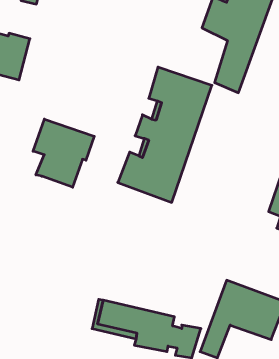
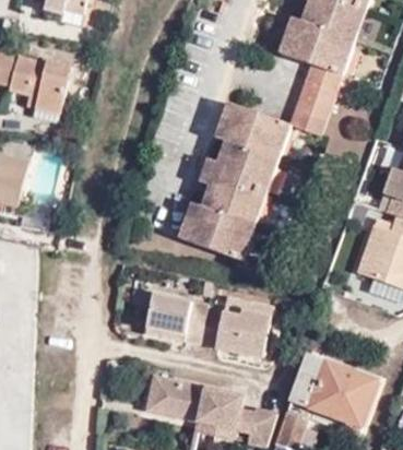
building: [33,119,94,187] -> none
building: none -> [144,293,271,357]

